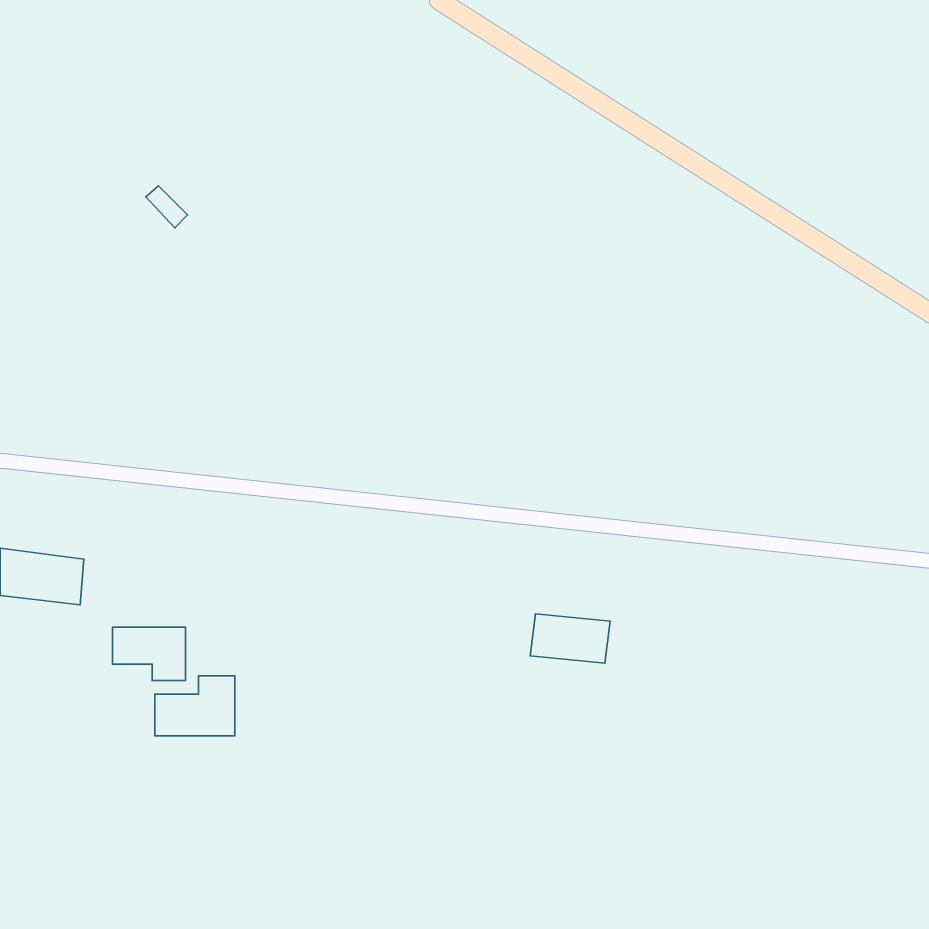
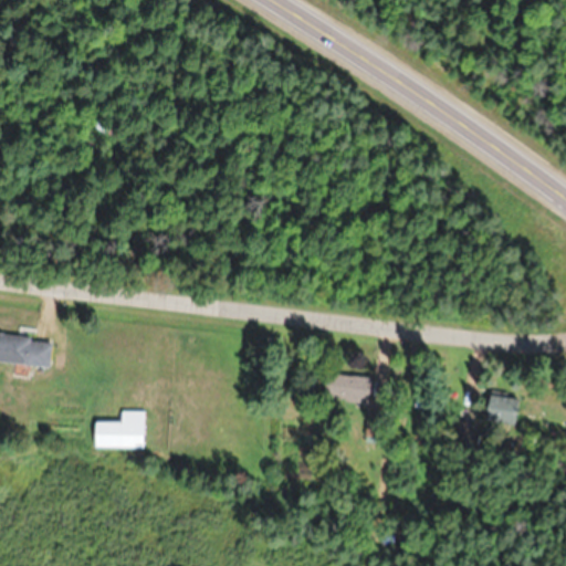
building: [113,627,185,680] -> none
building: none -> [486,394,520,426]

